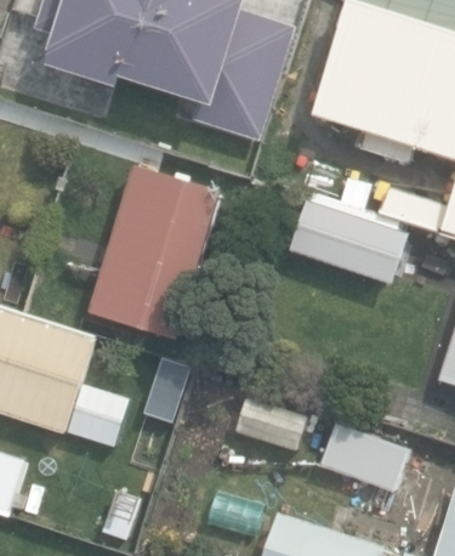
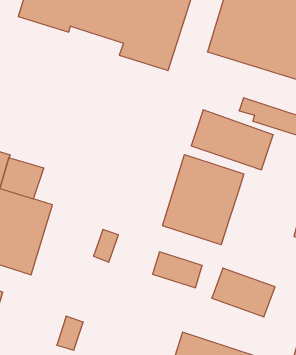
building: [89,166,222,339] -> none
building: none -> [163,155,244,245]

